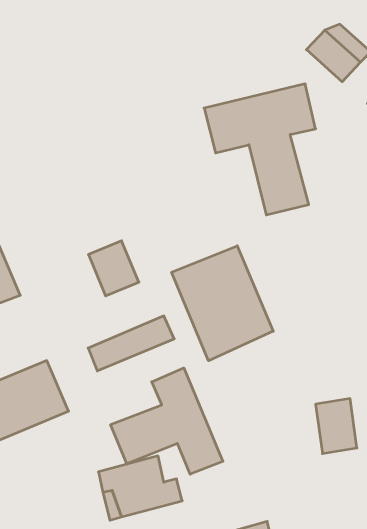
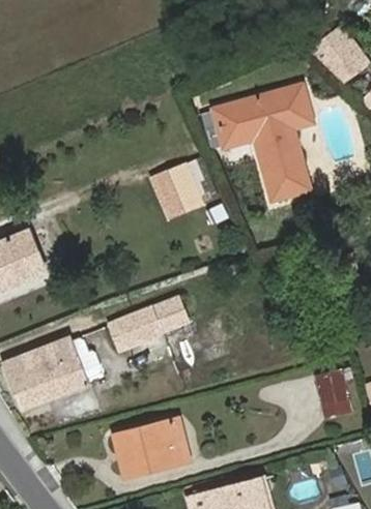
building: [88,241,139,296] -> [153,167,199,216]
building: [172,246,273,361] -> none
building: [111,368,223,474] -> none

